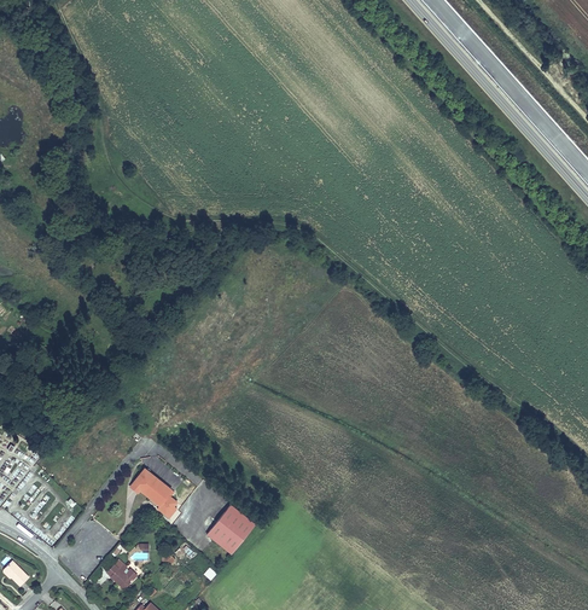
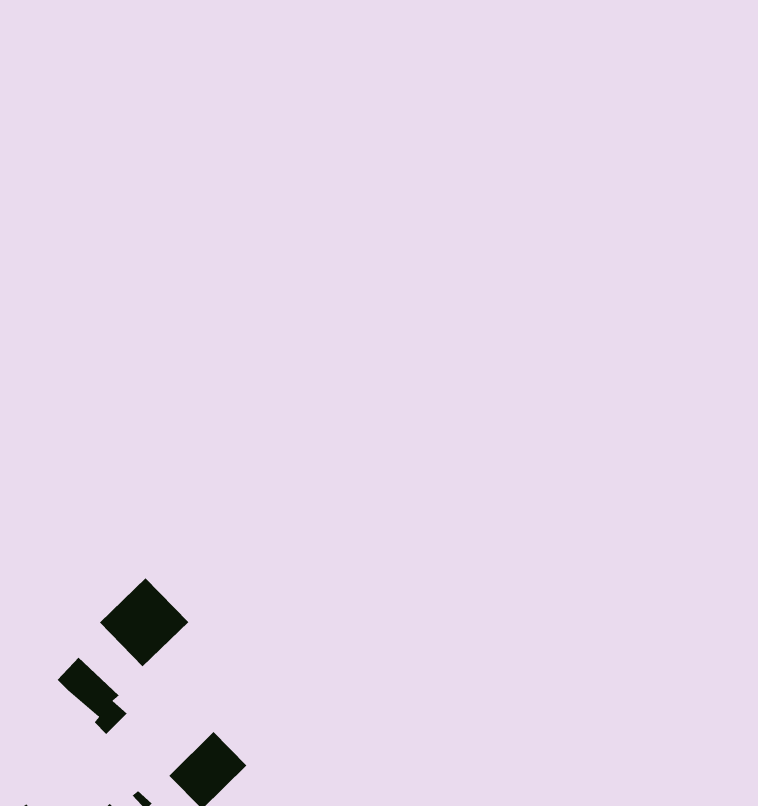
building: none -> [99,577,189,667]

